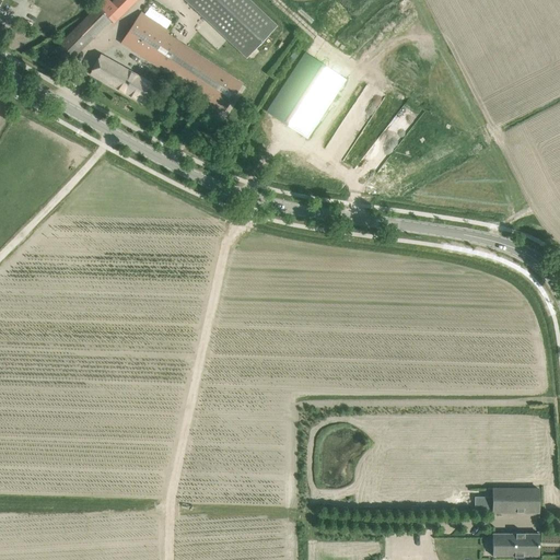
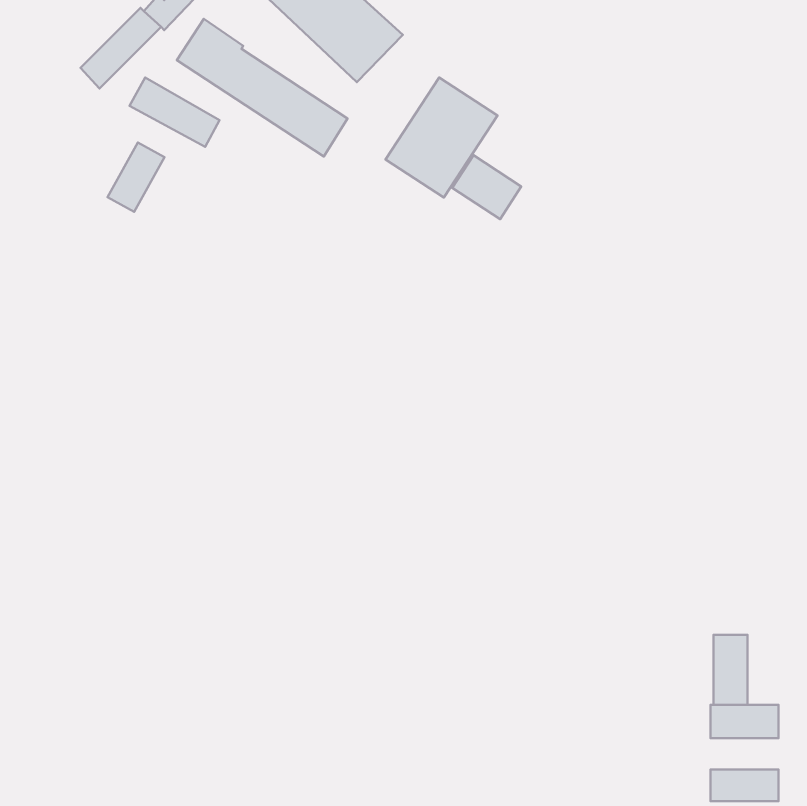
building: none -> [108,142,165,212]
building: none -> [452,155,521,219]
building: none -> [713,635,747,705]

